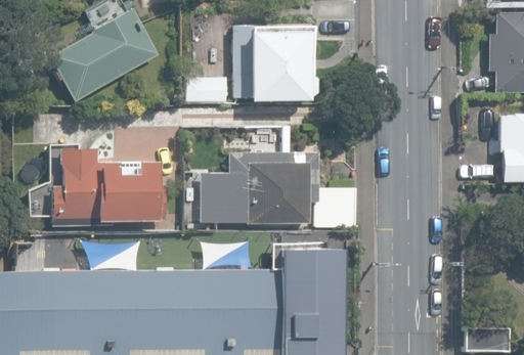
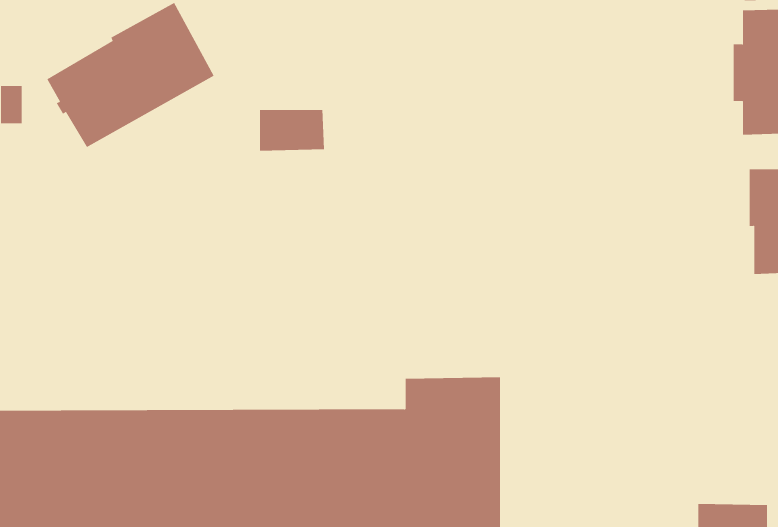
building: [234,24,314,100] -> none
building: [51,148,166,221] -> none
building: [200,150,356,227] -> none

